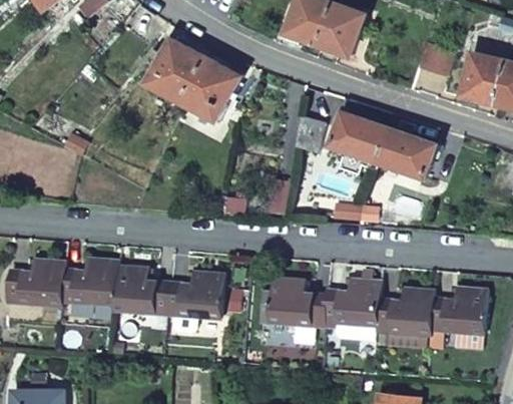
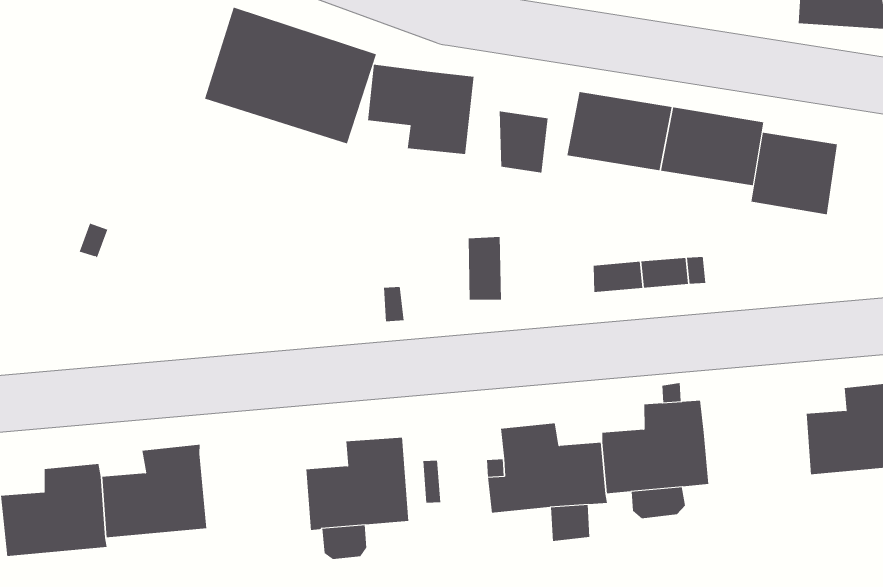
building: none -> [367,64,474,155]
building: none -> [751,132,838,215]
building: [112,267,168,316] -> none
building: [376,290,432,336] -> none

